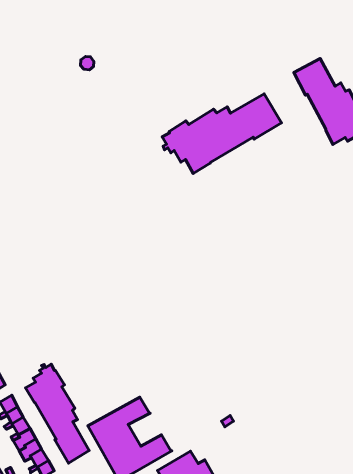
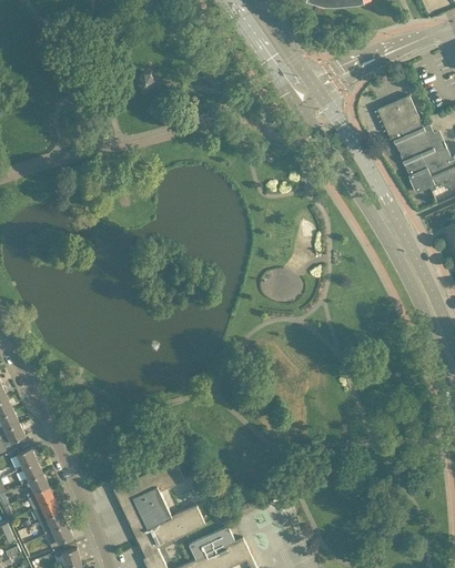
building: [162,94,281,173] -> none
building: [25,364,89,463] -> none

